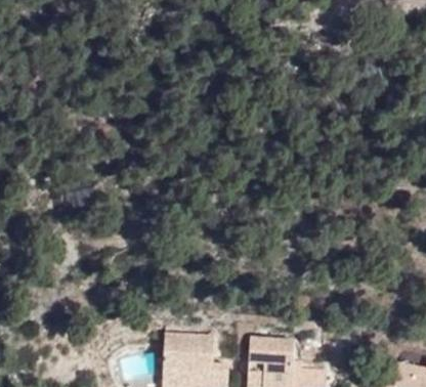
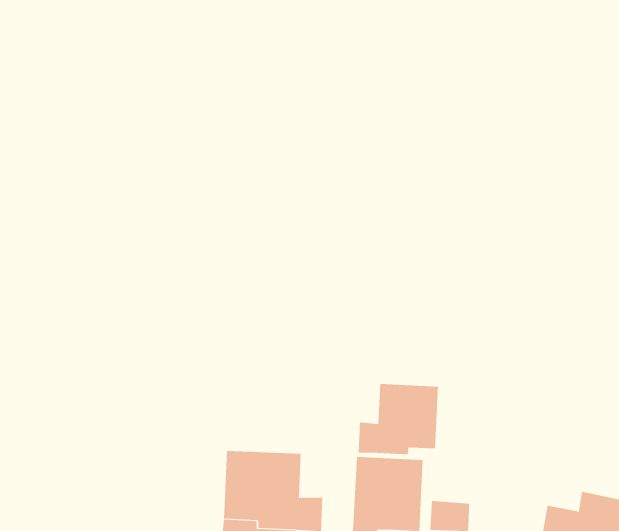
building: none -> [358,383,439,455]

